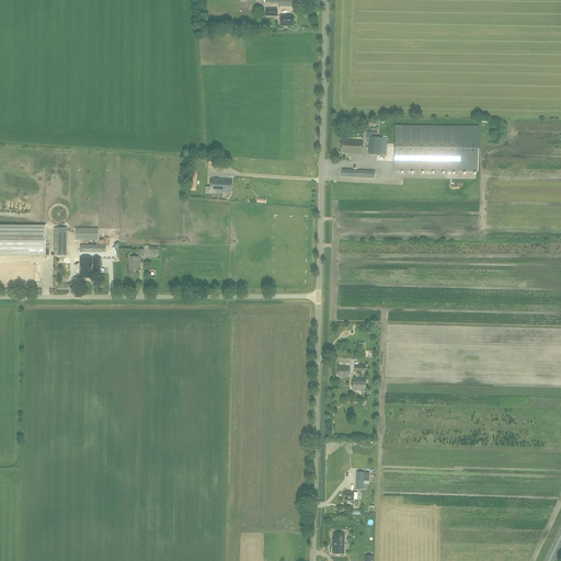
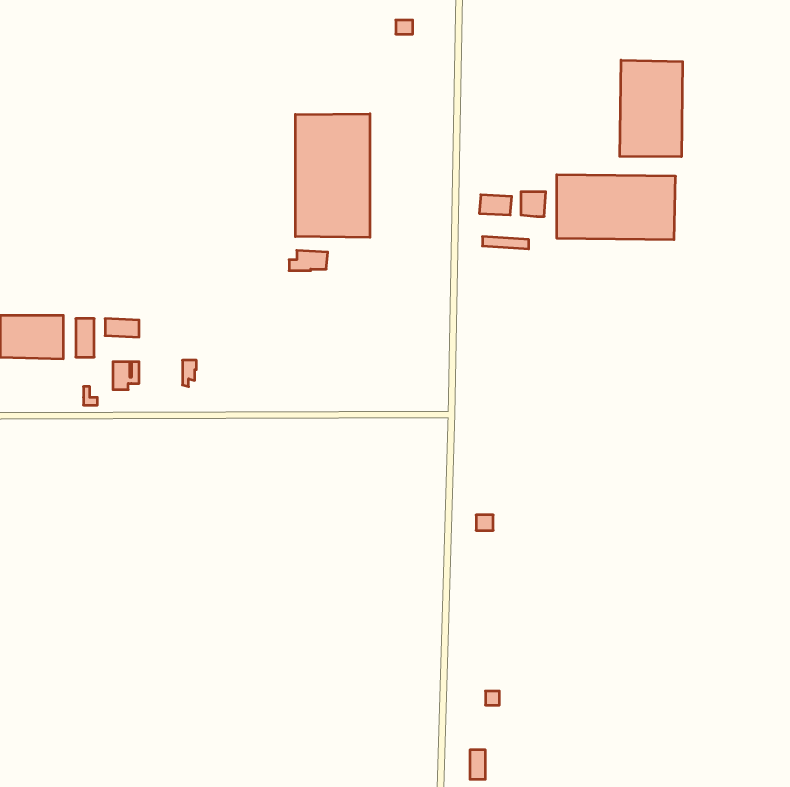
building: none -> [620,60,683,157]
building: none -> [295,114,370,237]

